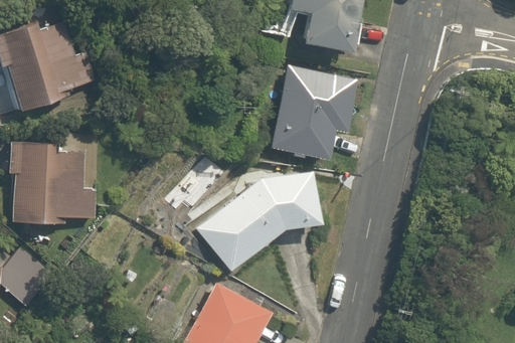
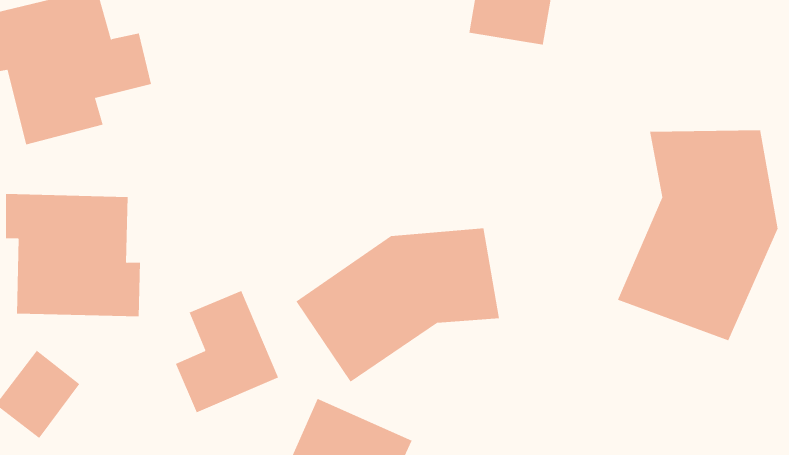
building: [263,60,359,163] -> none
building: none -> [617,130,778,341]
building: none -> [175,290,279,413]

